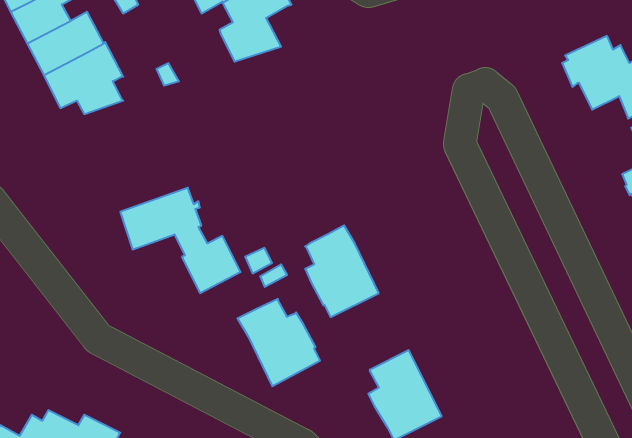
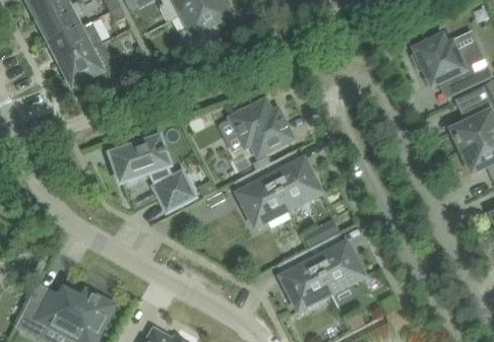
building: none -> [232,100,292,154]
building: [237,299,320,386] -> [264,151,320,210]
building: none -> [308,234,364,293]

